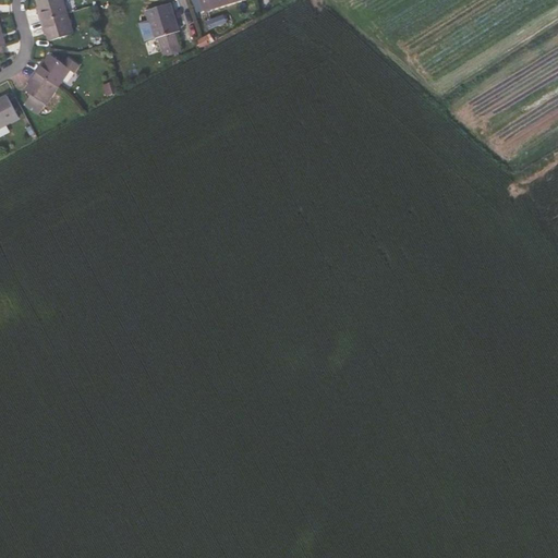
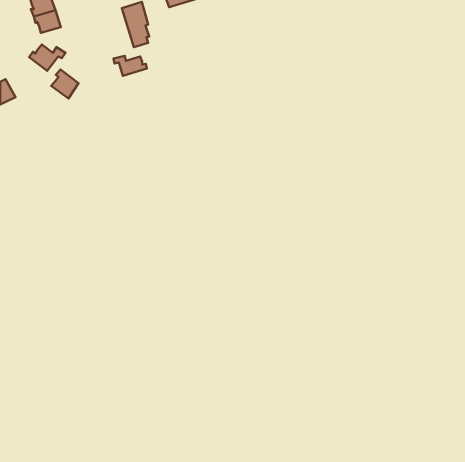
building: none -> [114,56,147,76]
building: [24,69,57,104] -> [51,70,79,99]

